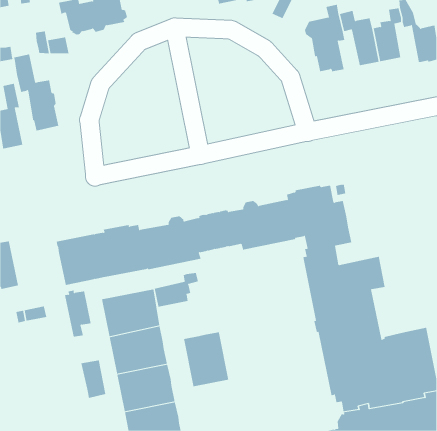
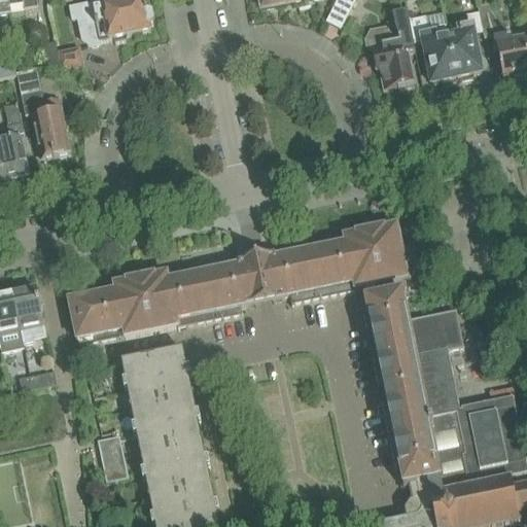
building: [154,272,199,308] -> none
building: [64,290,92,340] -> [11,283,44,343]
building: [183,331,229,387] -> none

